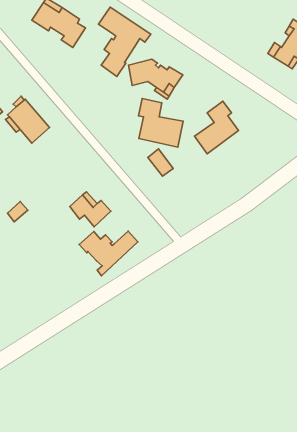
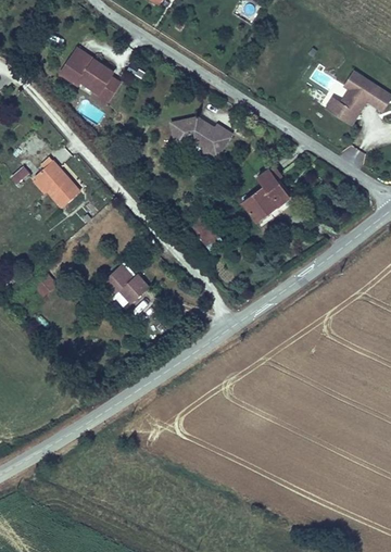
building: [99,7,151,77] -> none
building: [138,98,183,147] -> none
building: [79,231,138,276] -> none

